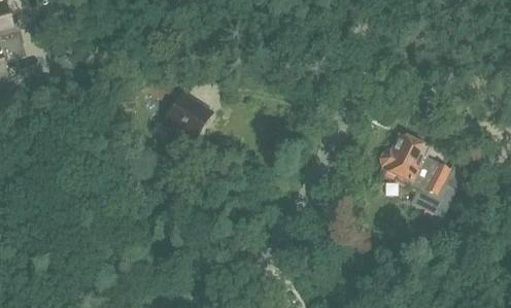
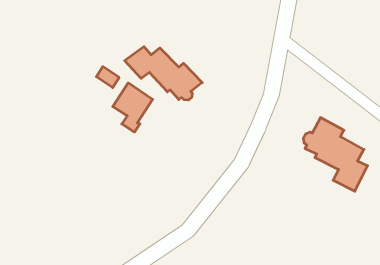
building: none -> [125,47,202,100]

